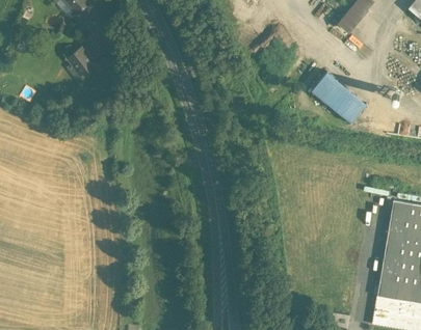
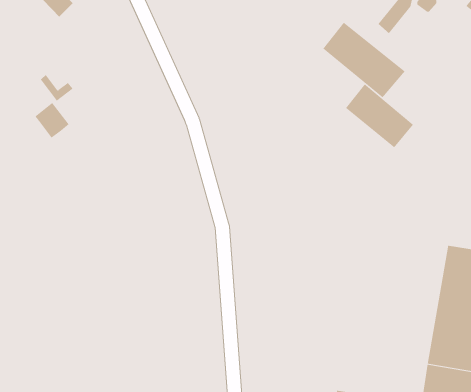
building: none -> [322,22,405,98]
building: [68,47,96,76] -> [34,102,69,139]

